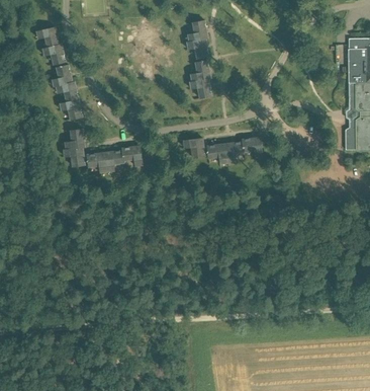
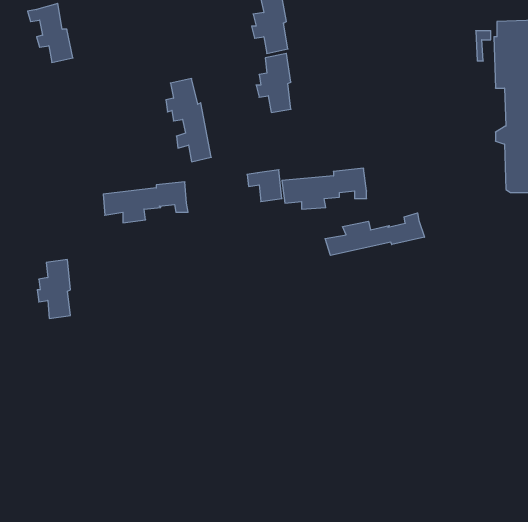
building: [51,64,81,120] -> [166,79,211,162]
building: [62,128,84,167] -> [37,260,70,318]
building: none -> [325,213,424,255]

